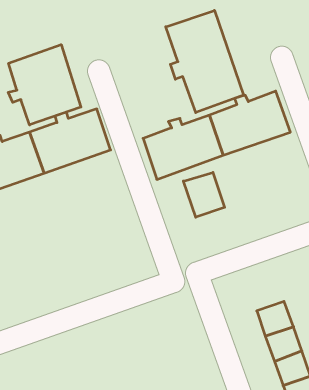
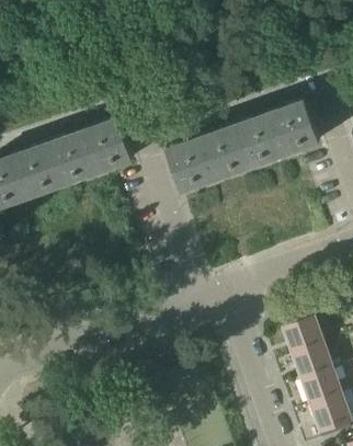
building: [166,10,244,113] -> none
building: [8,45,81,125] -> none
building: [183,172,225,217] -> none

